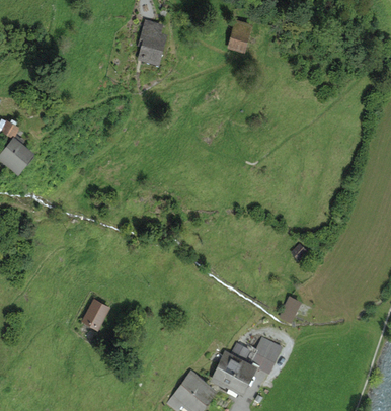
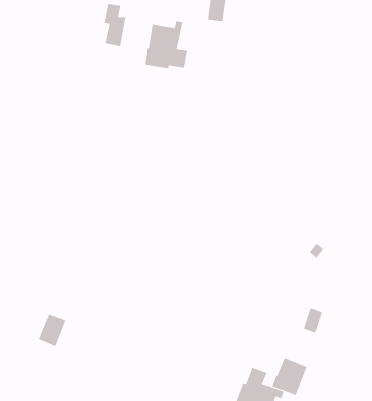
building: none -> [145,20,187,69]
building: [83,300,108,328] -> [38,314,66,347]

